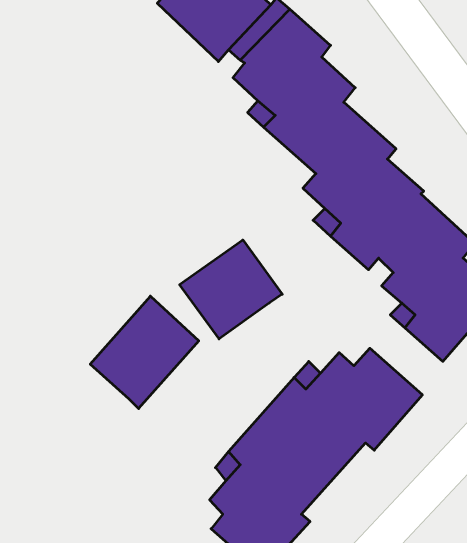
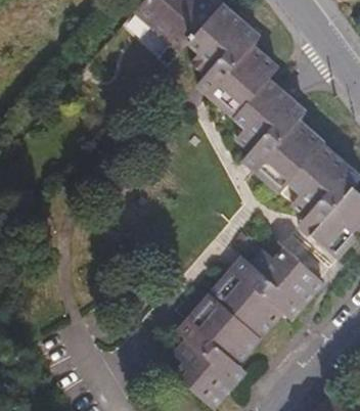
building: [180,240,282,339] -> none
building: [90,296,199,409] -> none

